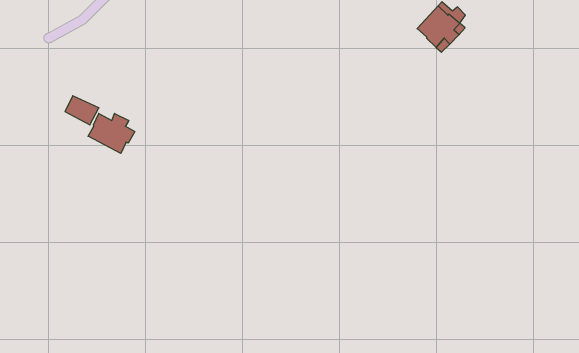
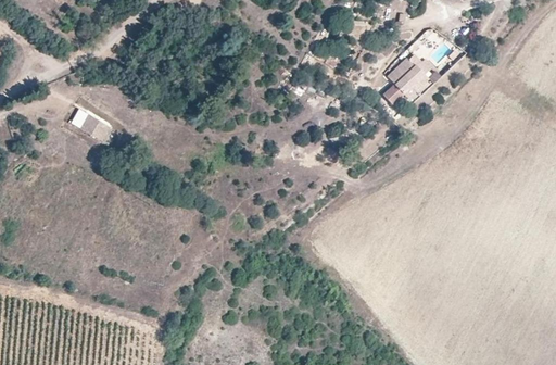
building: [88,113,135,153] -> none

